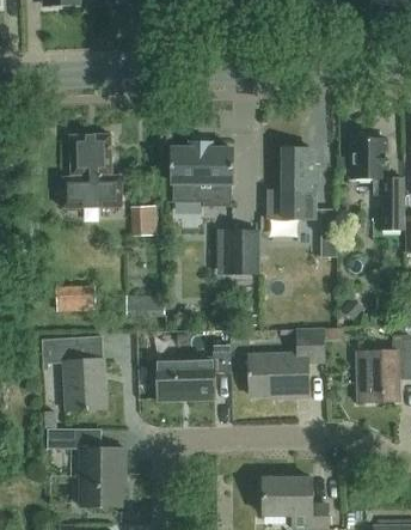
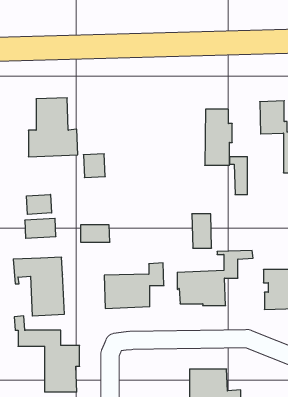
building: [170,144,232,208] -> none
building: [233,218,258,261] -> [192,214,212,248]
building: none -> [27,194,52,214]

